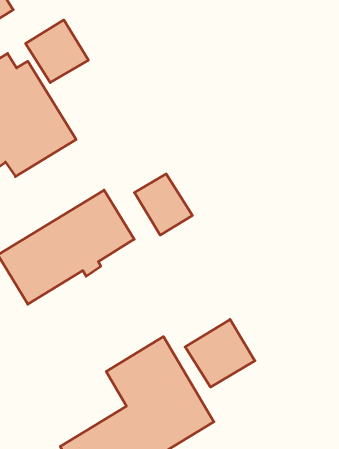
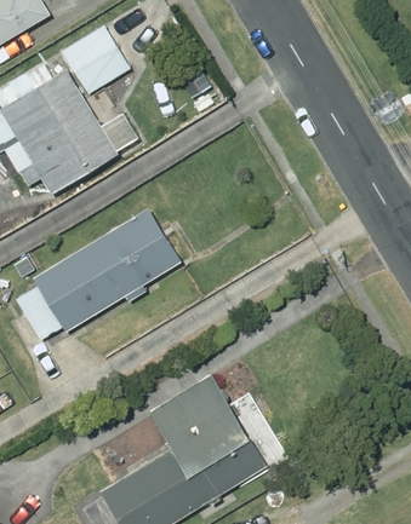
building: [134,174,192,235] -> none
building: [185,319,255,387] -> none

